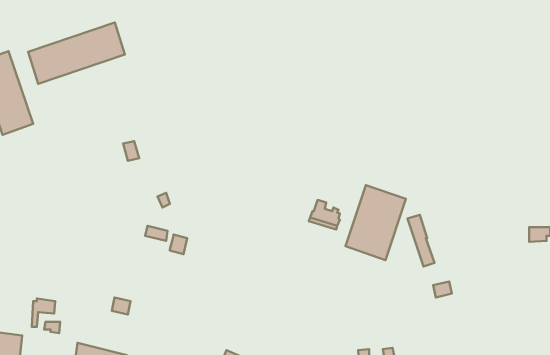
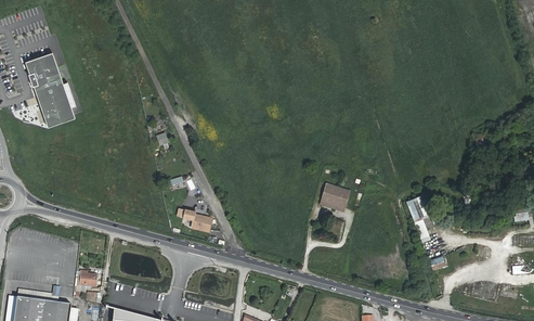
building: [28,23,125,84] -> none
building: [346,185,406,260] -> none

